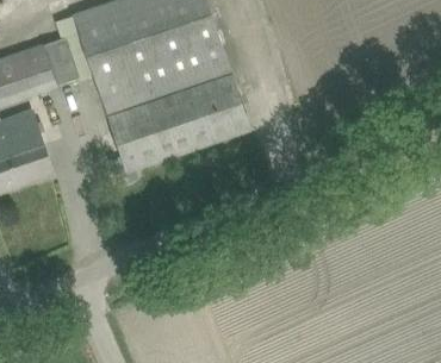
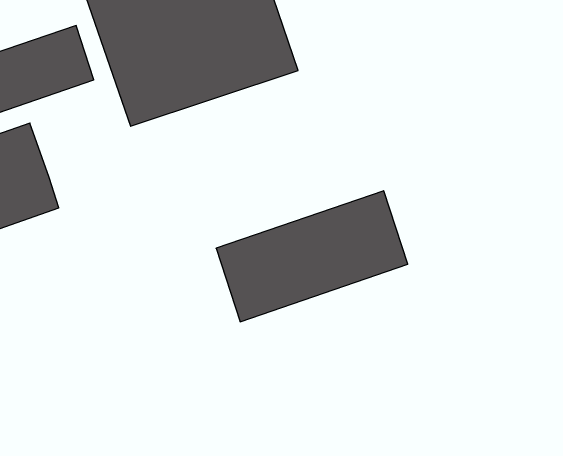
building: [106,75,249,173] -> [216,191,408,322]

